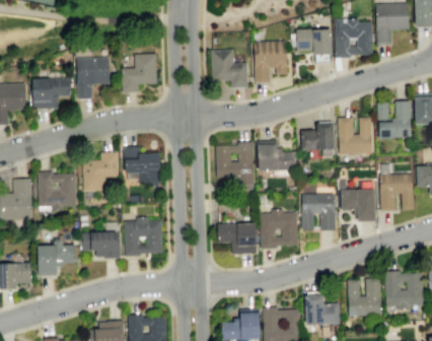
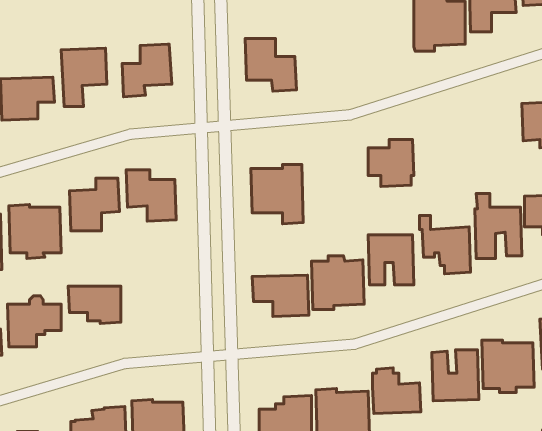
building: [296,28,332,55] -> none
building: [254,41,288,82] -> none
building: [377,100,411,140] -> none
building: [338,118,372,154] -> none
building: [258,144,296,172] -> none
building: [124,216,162,257] -> none

